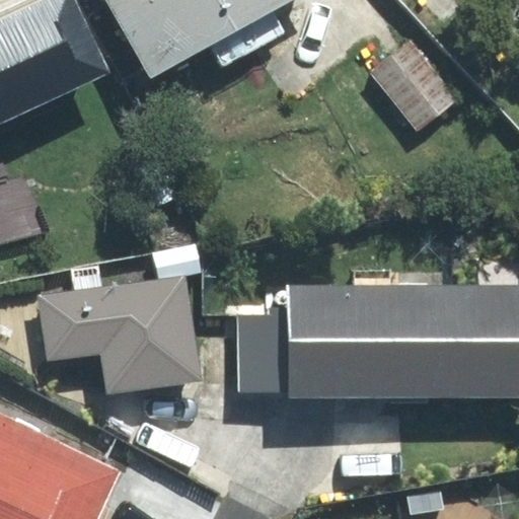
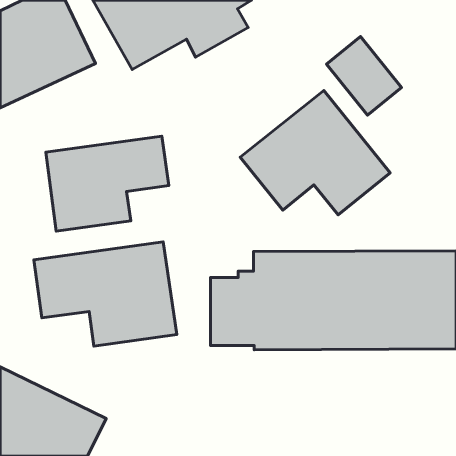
building: none -> [240,90,390,215]
building: none -> [46,136,169,231]

